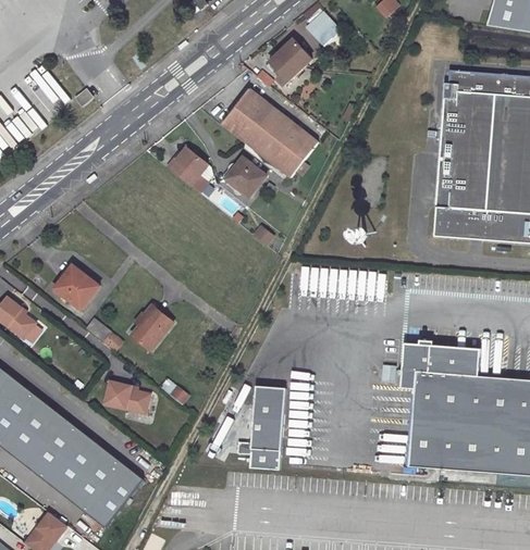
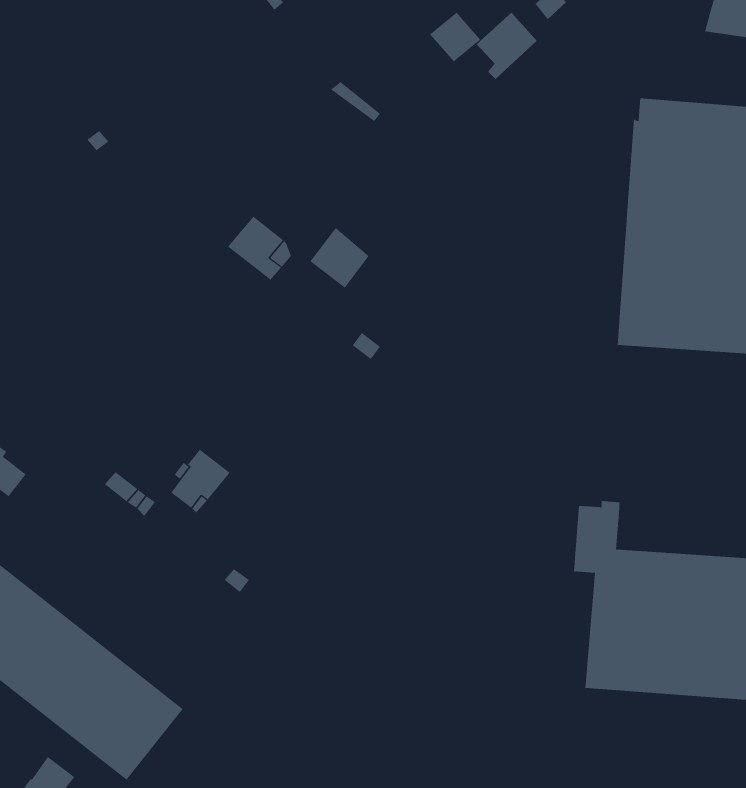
building: [270,39,311,85] -> [476,12,537,80]
building: [222,88,318,176] -> none
building: [56,265,99,308] -> none
building: [432,345,481,375] -> none
building: [104,380,150,412] -> none
building: [237,386,286,470] -> none

